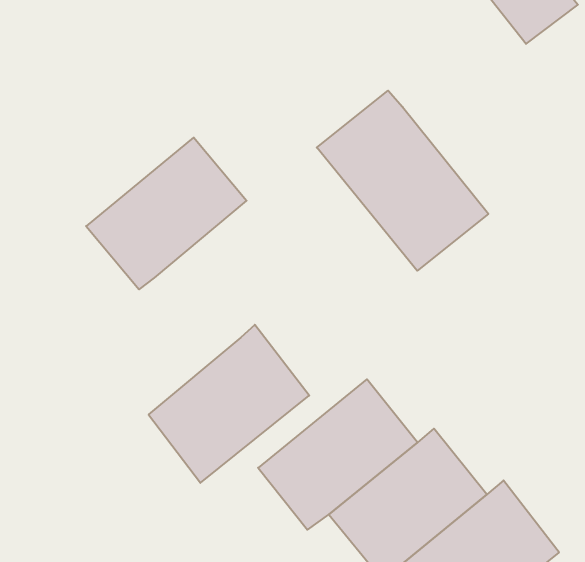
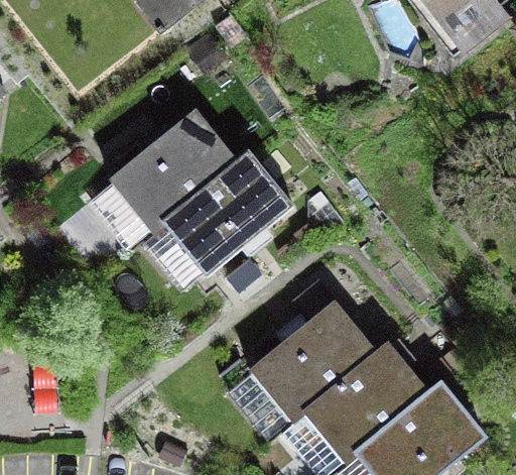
building: [317,91,488,271] -> none
building: [149,325,309,483] -> [162,150,290,276]

